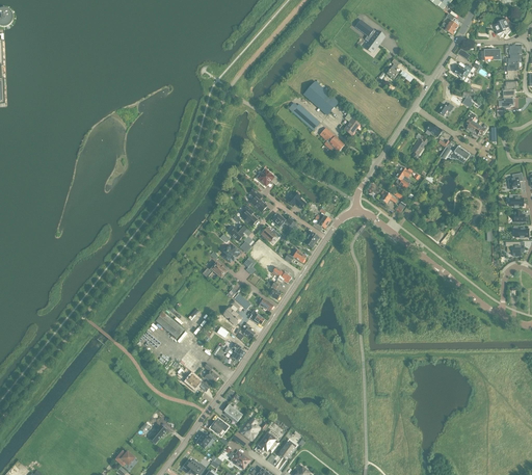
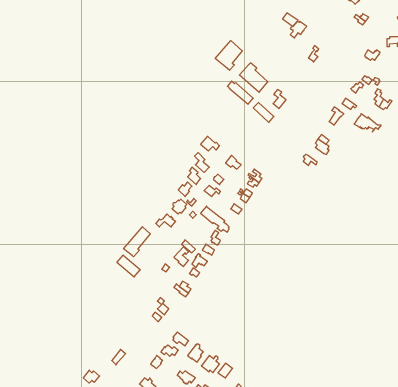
building: none -> [215,41,242,70]
building: none -> [124,227,150,257]

